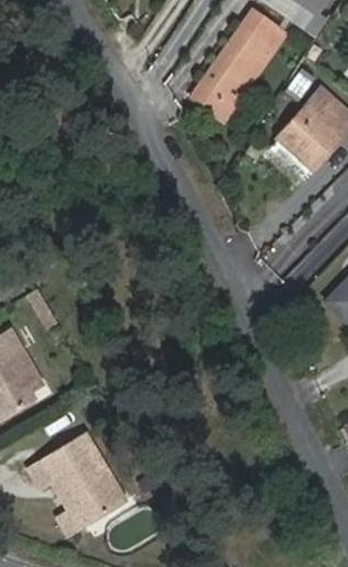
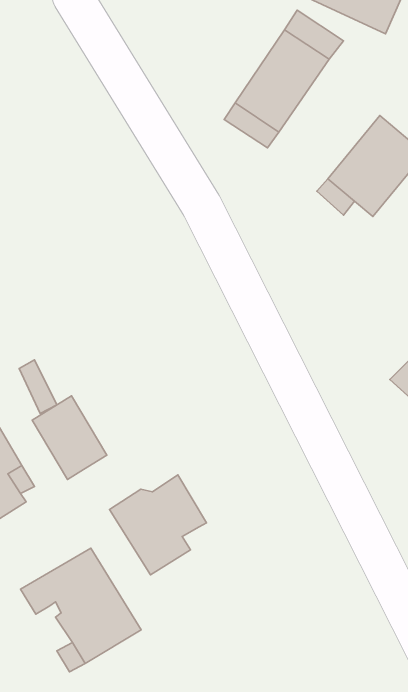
building: none -> [32,396,107,479]
building: none -> [110,475,206,575]

